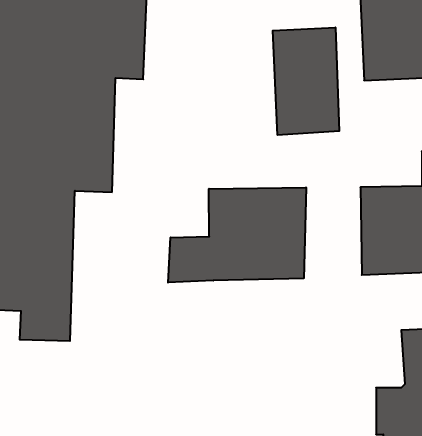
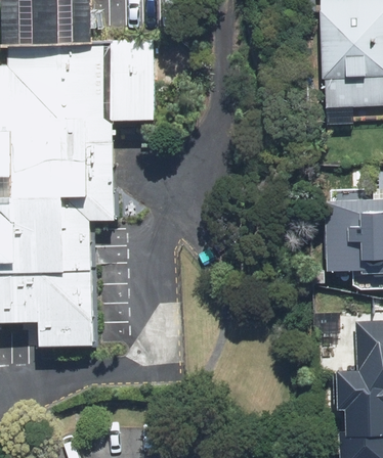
building: [273,27,339,135] -> none
building: [168,187,306,283] -> none

